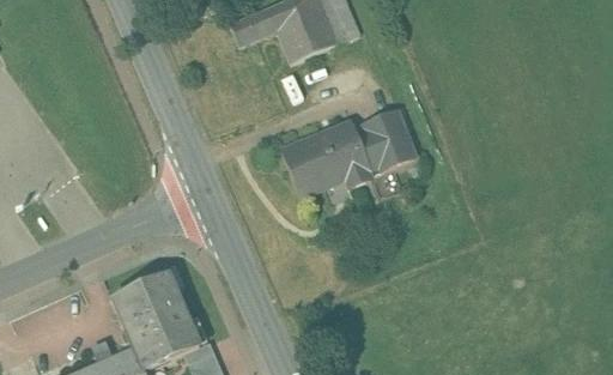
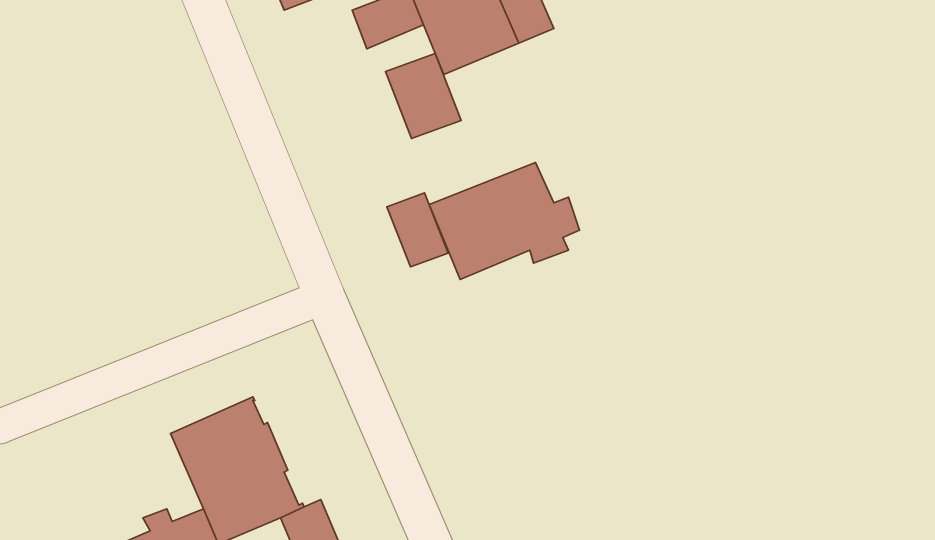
building: none -> [386,54,461,138]
building: [364,110,415,169] -> none
building: none -> [387,193,448,267]

